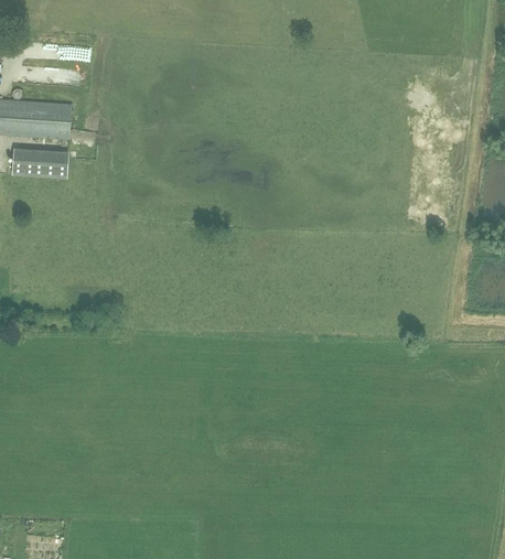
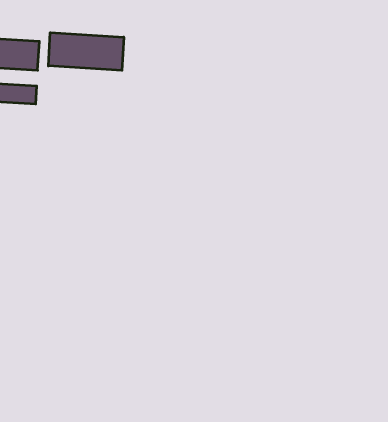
building: none -> [48,33,124,70]

